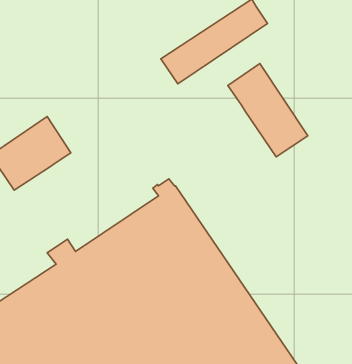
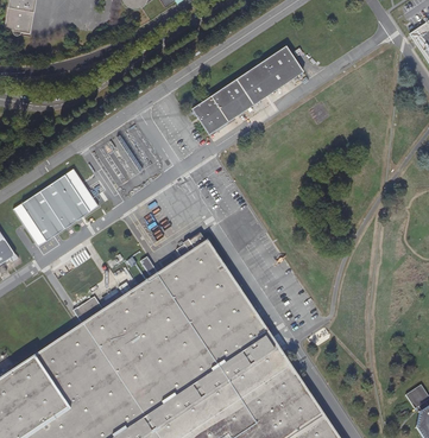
building: [228,63,308,157] -> none

